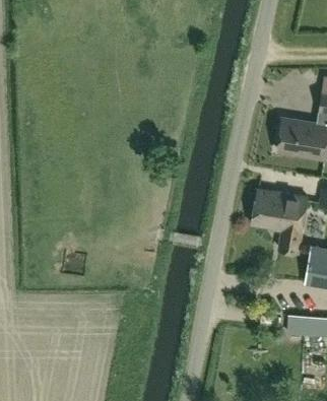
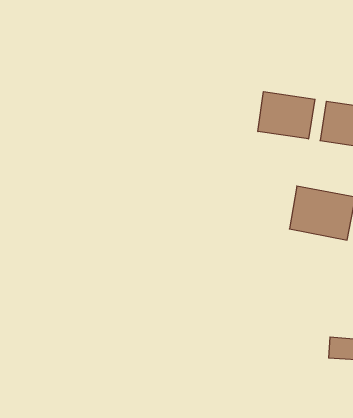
building: none -> [258,92,315,139]

